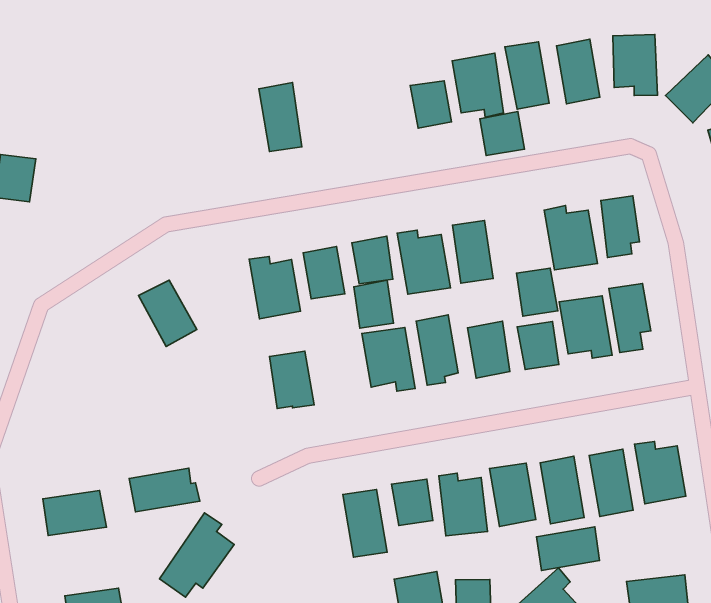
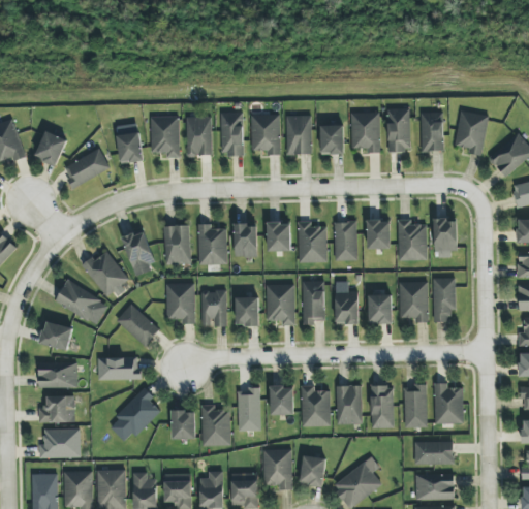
building: none -> [286,115,312,155]
building: none -> [250,115,280,155]
building: none -> [186,117,212,156]
building: none -> [150,116,180,157]
building: [480,111,524,156] -> none
building: none -> [117,127,143,163]
building: none -> [62,149,110,187]
building: none -> [163,225,190,264]
building: [516,268,558,316] -> [367,220,391,249]
building: [354,280,393,328] -> [236,296,258,325]
building: none -> [81,251,128,299]
building: none -> [165,283,194,323]
building: none -> [54,280,108,325]
building: none -> [116,304,159,346]
building: none -> [40,322,72,350]
building: none -> [200,405,230,445]
building: [537,527,600,571] -> [414,441,454,465]
building: none -> [172,410,195,439]
building: none -> [38,395,74,422]

